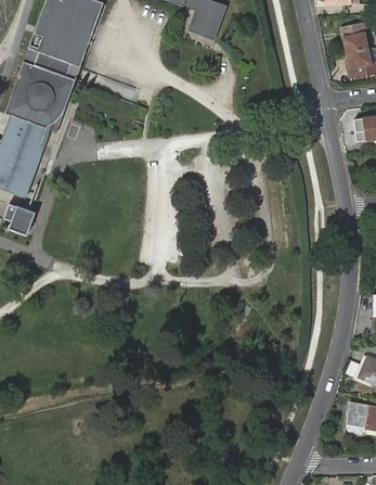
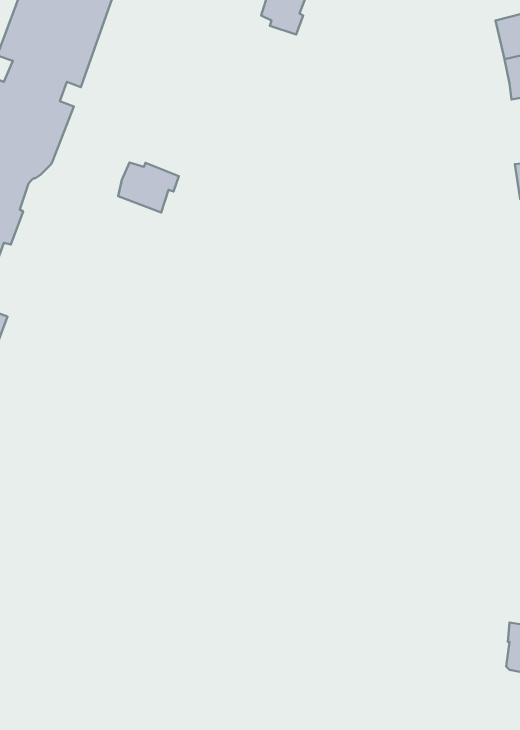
building: none -> [118,162,179,212]

